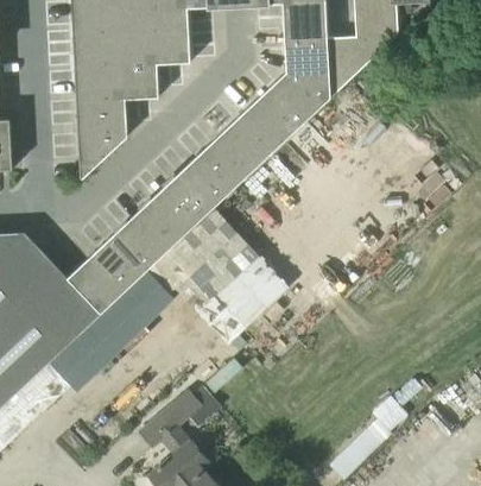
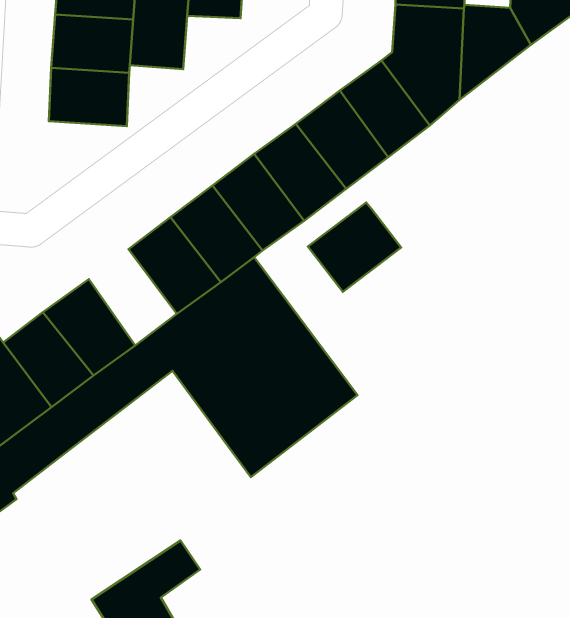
building: [78,137,127,178] -> none
building: none -> [308,202,401,292]
building: [114,213,171,272] -> none

